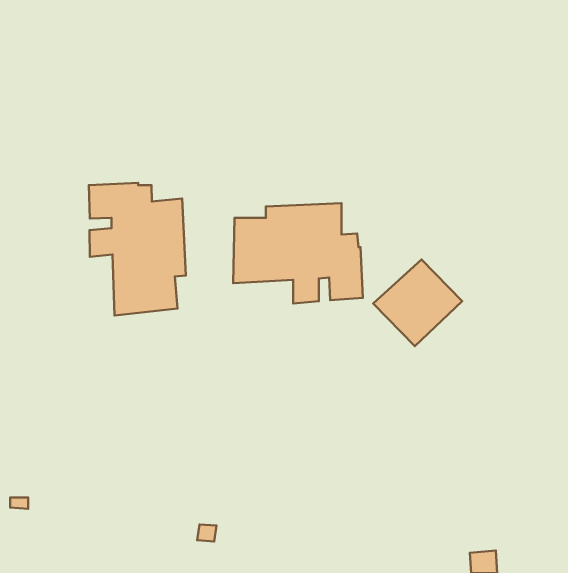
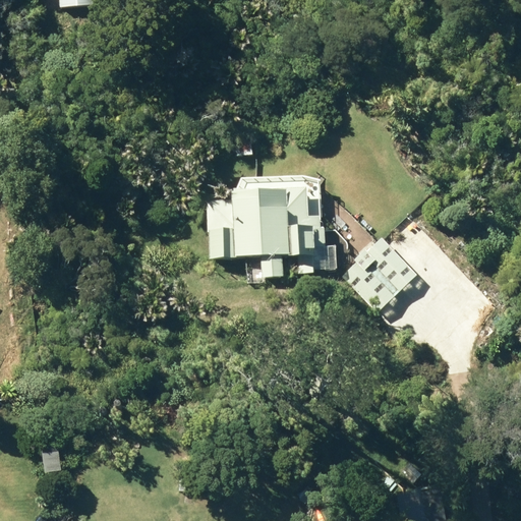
building: [89,183,186,316] -> none

